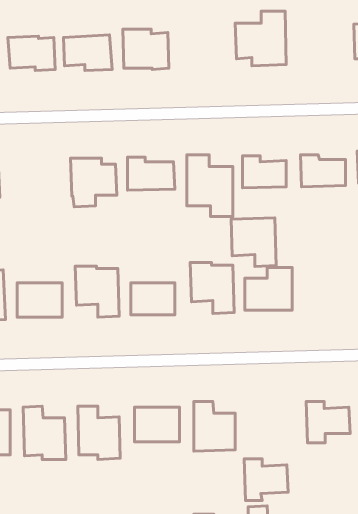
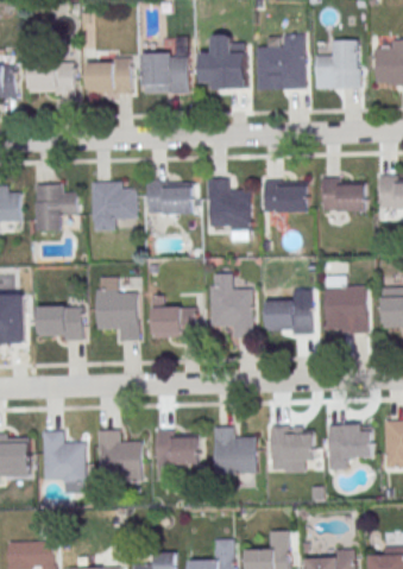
building: none -> [314,39,361,88]
building: none -> [199,42,247,90]
building: none -> [34,183,77,230]
building: [231,218,276,267] -> [323,285,369,334]
building: [244,459,288,500] -> [270,426,314,468]

